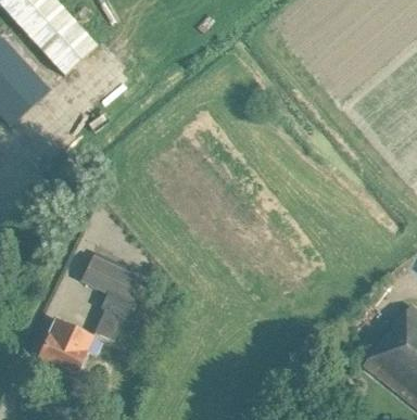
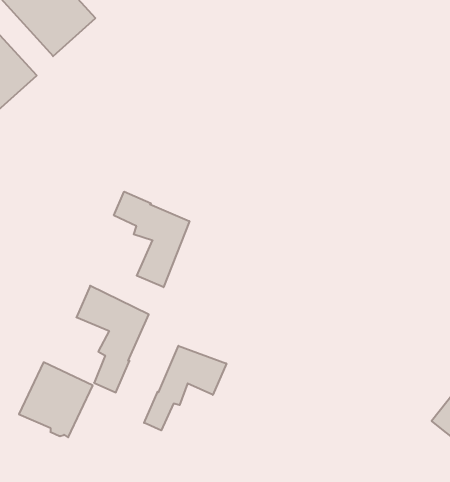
building: none -> [114,192,189,287]
building: none -> [144,346,226,430]

